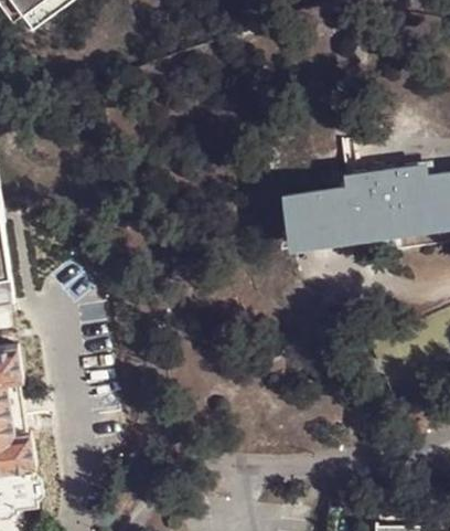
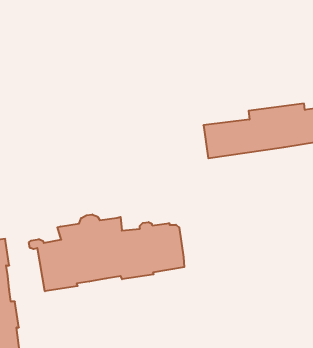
building: none -> [29,214,184,291]

